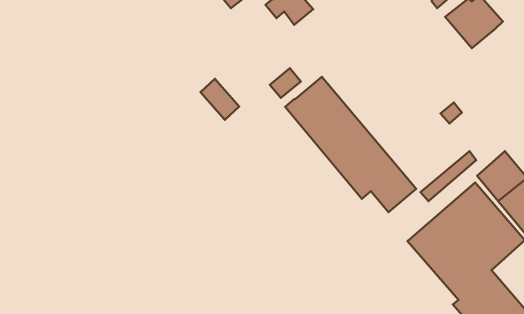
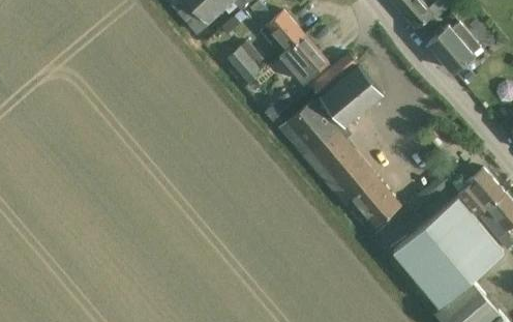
building: none -> [281,35,328,82]
building: none -> [311,54,383,125]
building: [200,79,239,120] -> [227,46,263,84]

